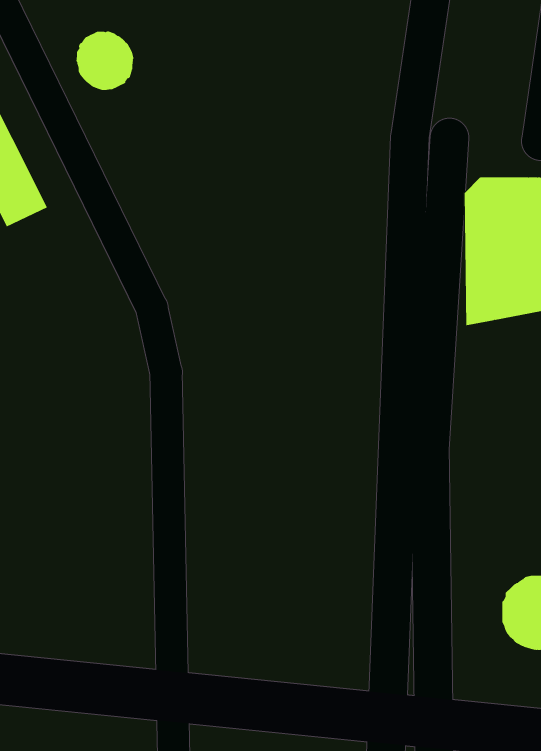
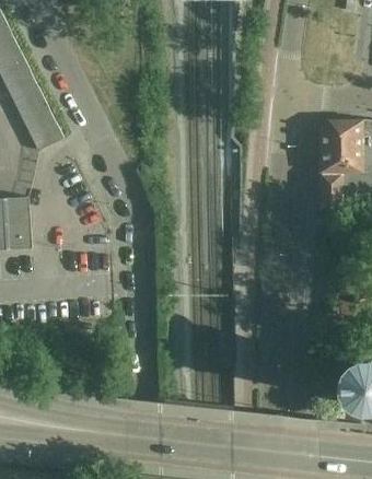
building: [76,30,134,91] -> none

